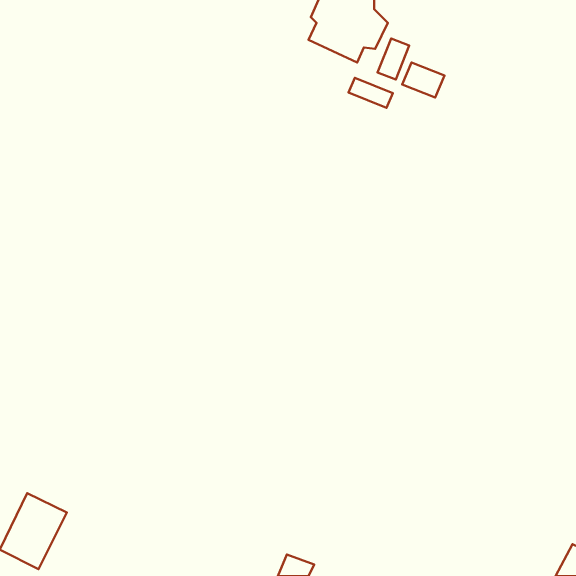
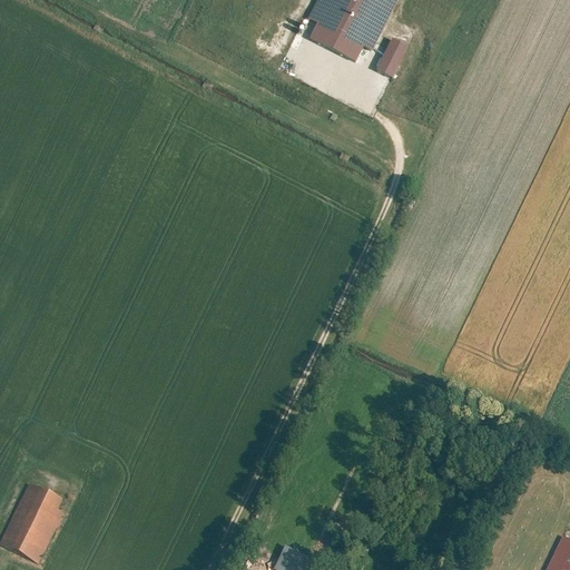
building: [402,62,444,98] -> none
building: [349,78,393,108] -> none

